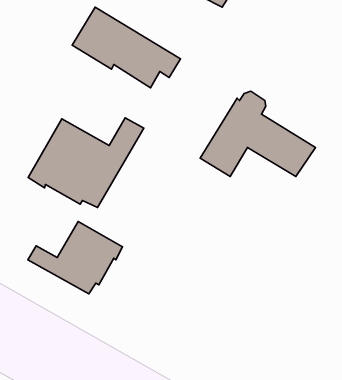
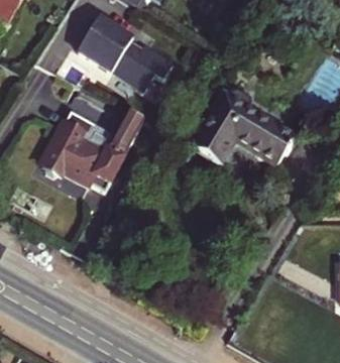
building: [28,221,123,294] -> none

